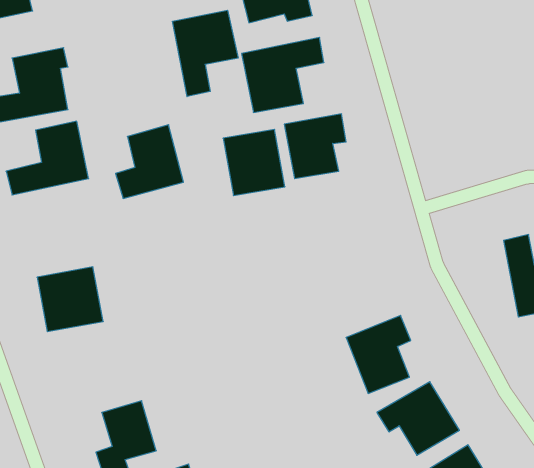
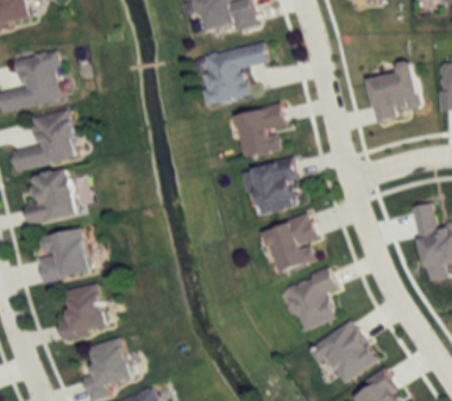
building: [173,10,238,97] -> none
building: none -> [366,65,421,119]
building: [116,125,183,198] -> [23,167,77,226]
building: [223,129,285,196] -> [251,159,301,213]
building: none -> [263,214,315,272]
building: none -> [56,283,106,340]

